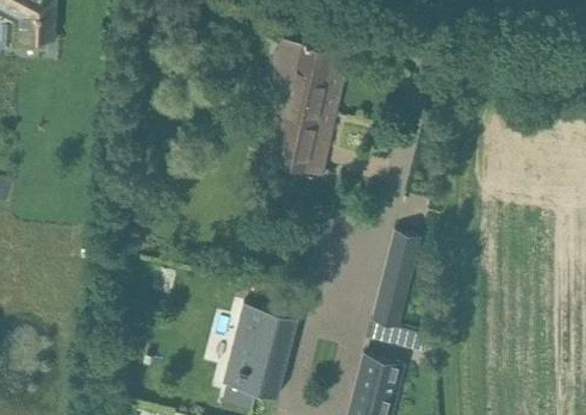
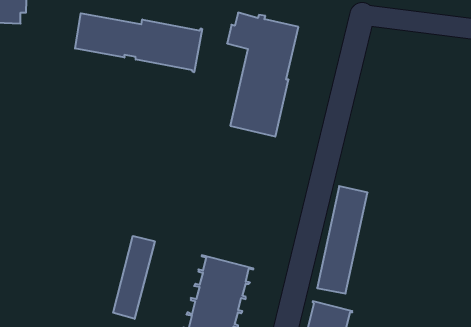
building: none -> [75,13,202,72]
building: none -> [113,236,155,319]

